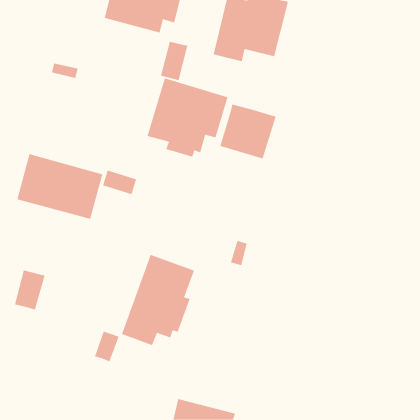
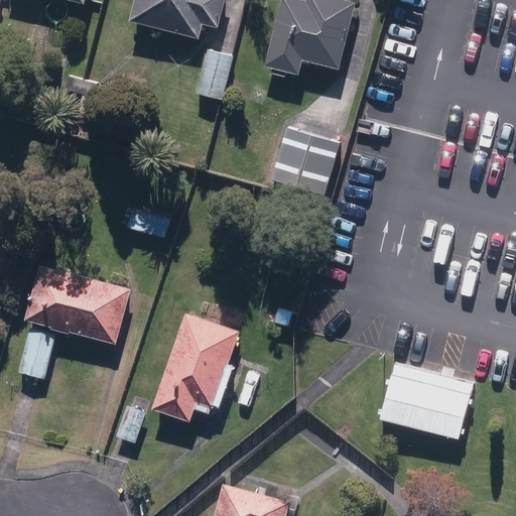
building: [147,77,228,158] -> none
building: [17,153,103,219] -> [23,265,129,346]
building: none -> [376,360,477,438]

